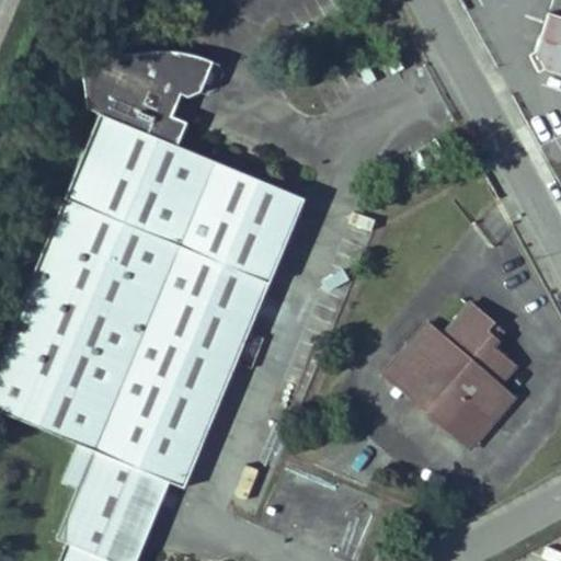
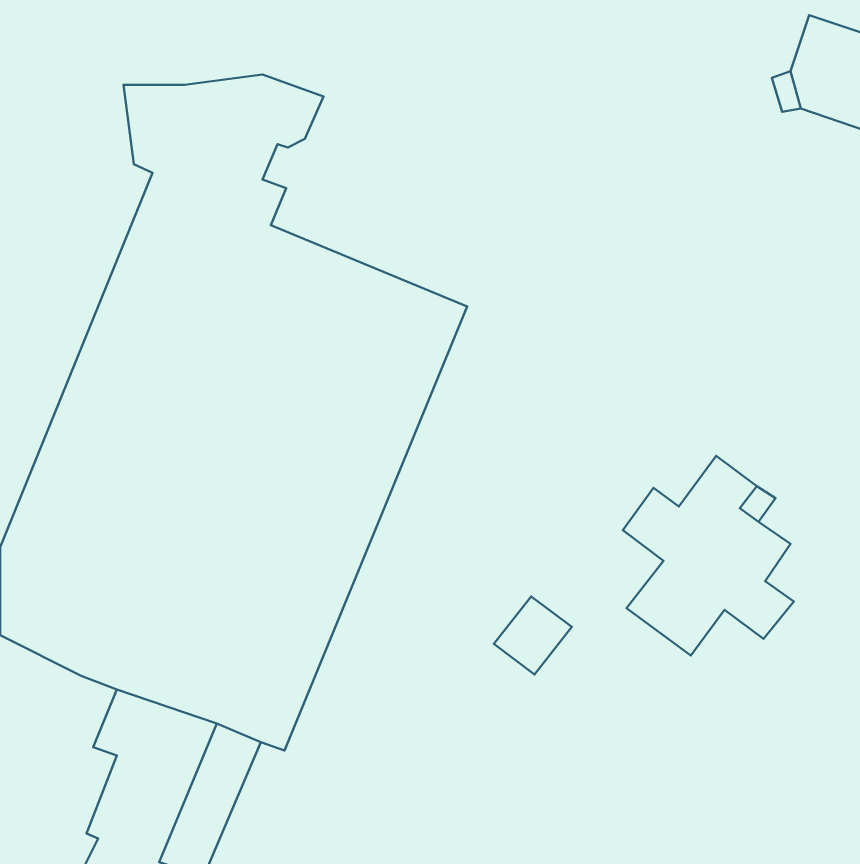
building: [382,344,433,394] -> [494,596,572,674]
building: [450,396,497,443] -> none

